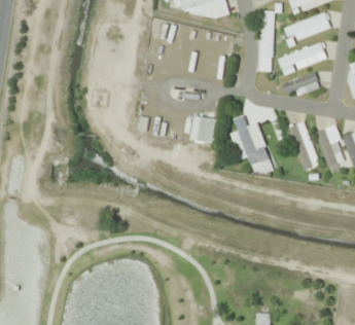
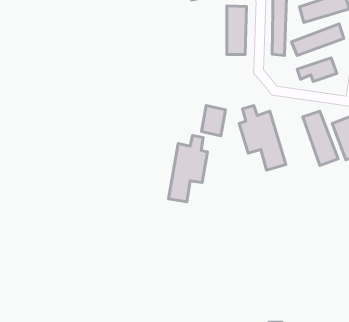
building: none -> [227,6,247,55]
building: none -> [169,136,208,202]

